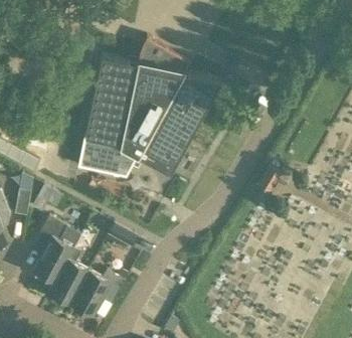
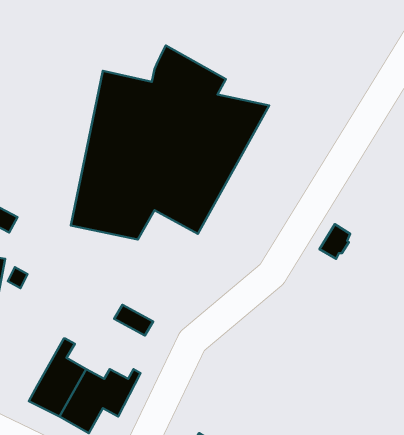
building: [32,216,81,285] -> none

